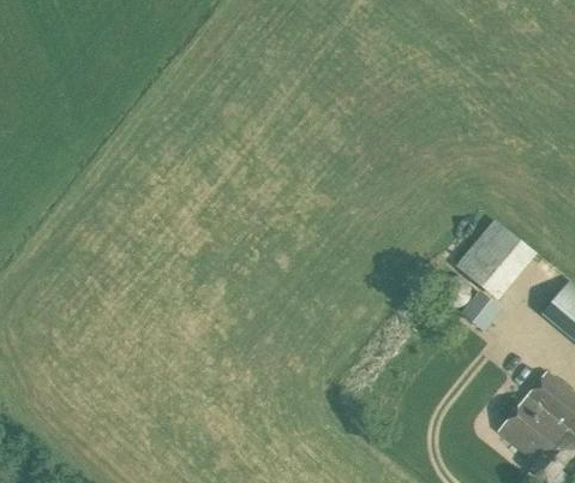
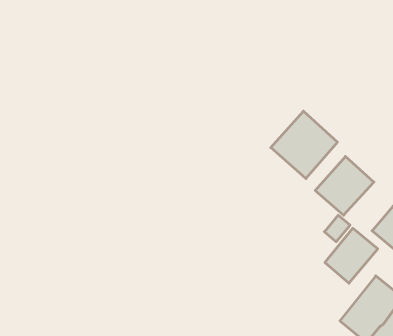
building: none -> [271,111,337,179]
building: none -> [325,228,378,283]

